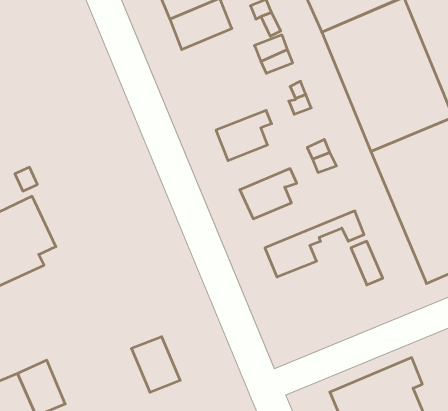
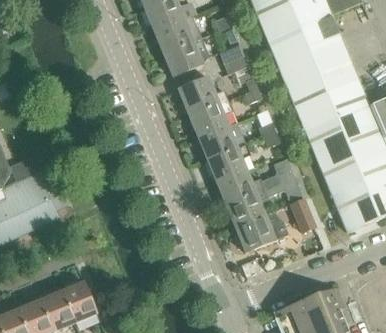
building: none -> [163,38,209,76]
building: none -> [178,77,227,115]
building: none -> [198,123,245,160]
building: none -> [217,158,294,204]
building: none -> [235,210,289,251]
building: [131,337,180,392] -> [61,280,98,322]

